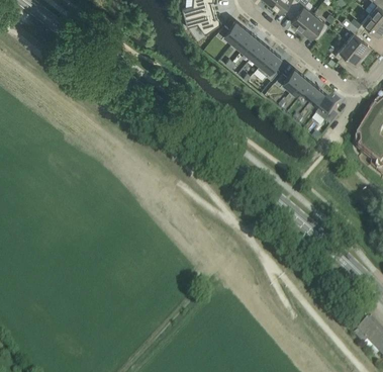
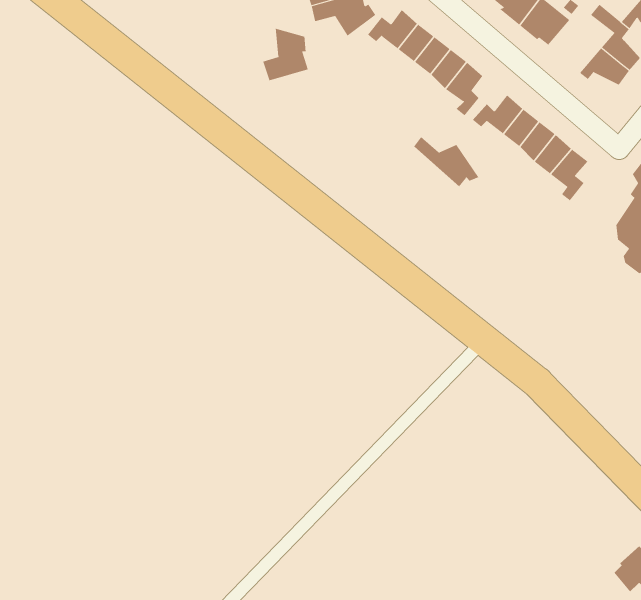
building: none -> [263,28,308,81]
building: none -> [414,136,479,187]

